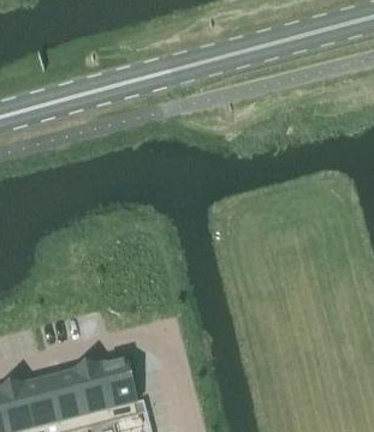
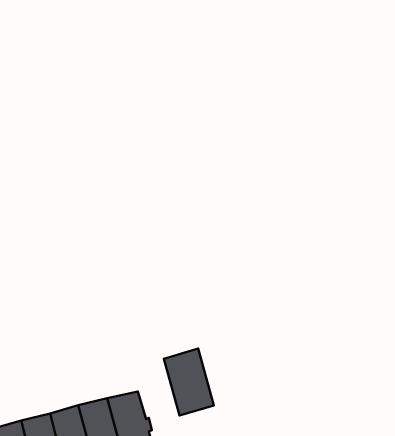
building: none -> [164,348,214,416]

